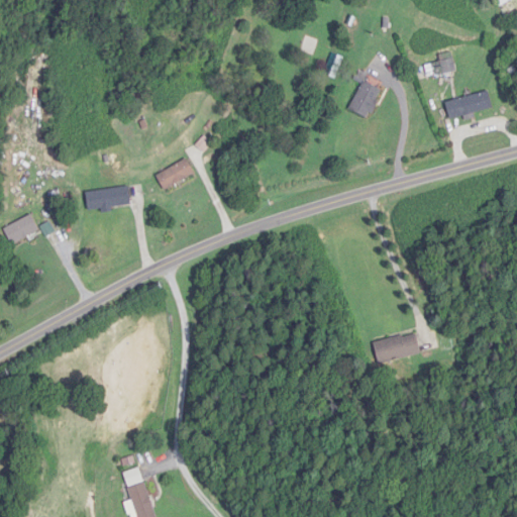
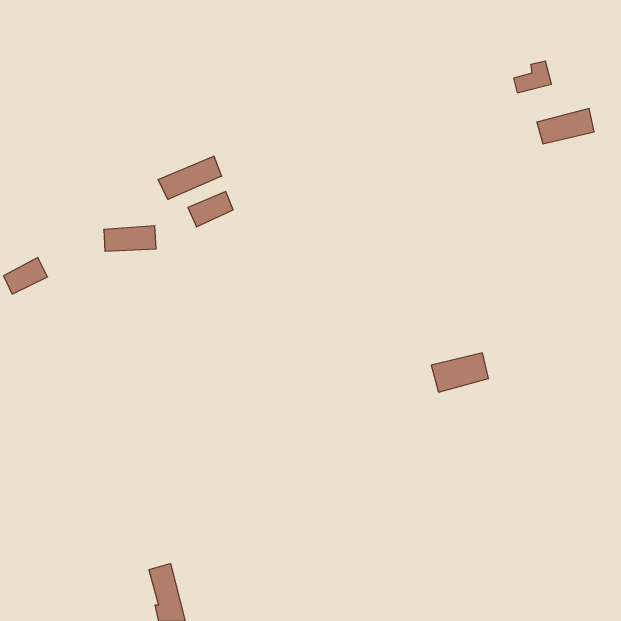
building: [348,80,382,117] -> none
building: none -> [158,156,222,200]
building: [373,331,420,364] -> [431,353,489,392]

